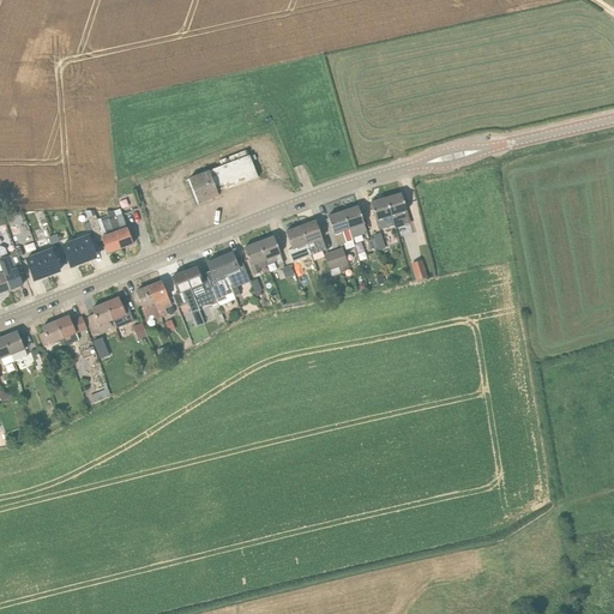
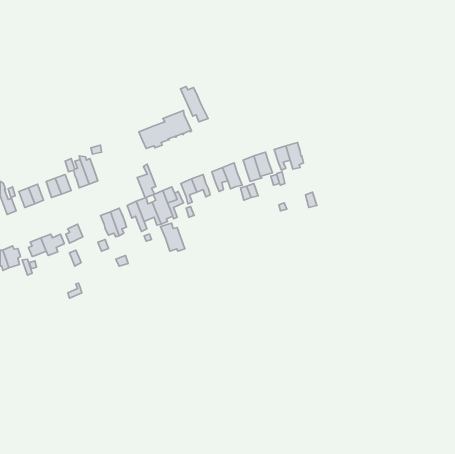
building: none -> [181,87,208,122]
building: none -> [137,164,156,198]
building: [104,296,133,329] -> none
building: none -> [161,223,185,251]

